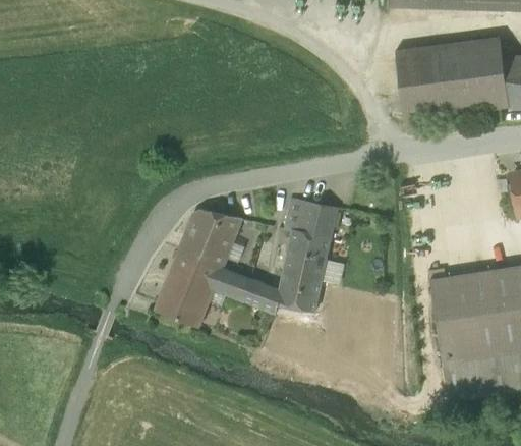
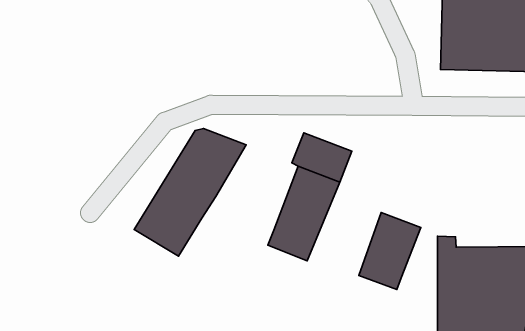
building: none -> [359,212,421,290]
building: [214,268,280,313] -> none

